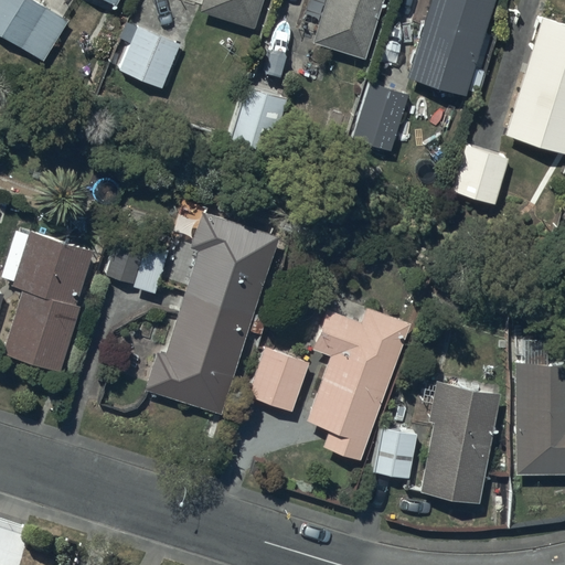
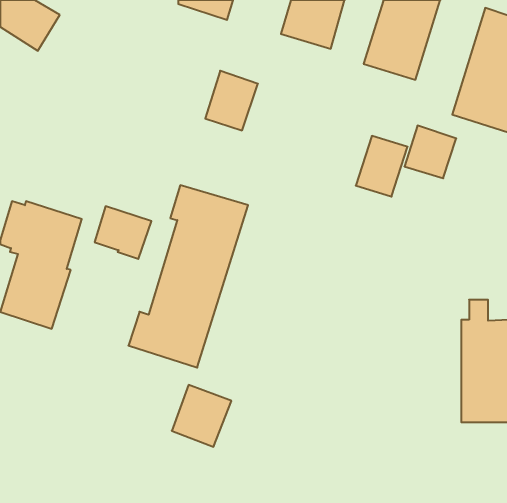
building: [120,28,182,89] -> none
building: [352,84,409,151] -> [356,136,408,197]
building: [308,308,411,460] -> none
building: [244,345,310,414] -> [172,385,231,447]
building: [420,380,499,502] -> none
building: [374,428,418,478] -> none

